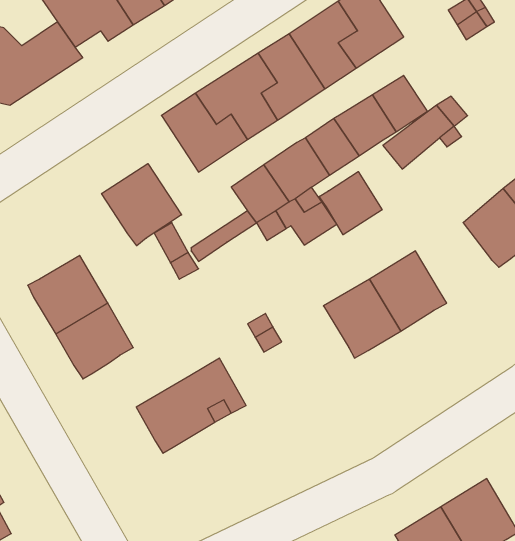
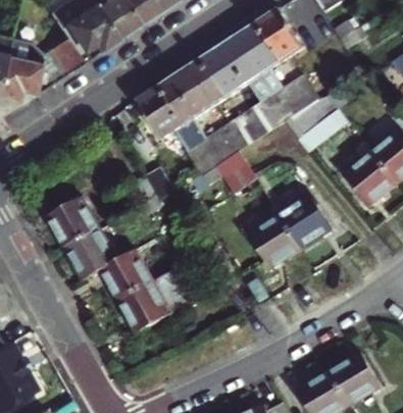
building: [102,164,182,246] -> none
building: [319,172,382,235] -> none
building: none -> [100,248,155,301]

